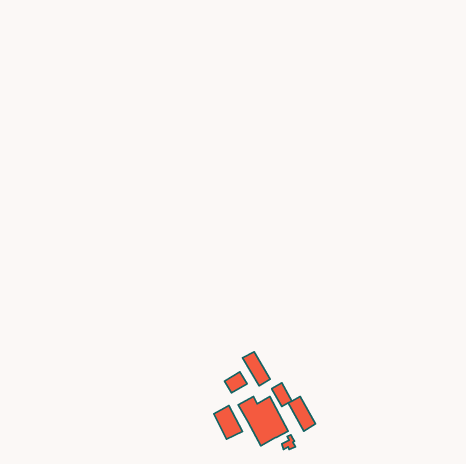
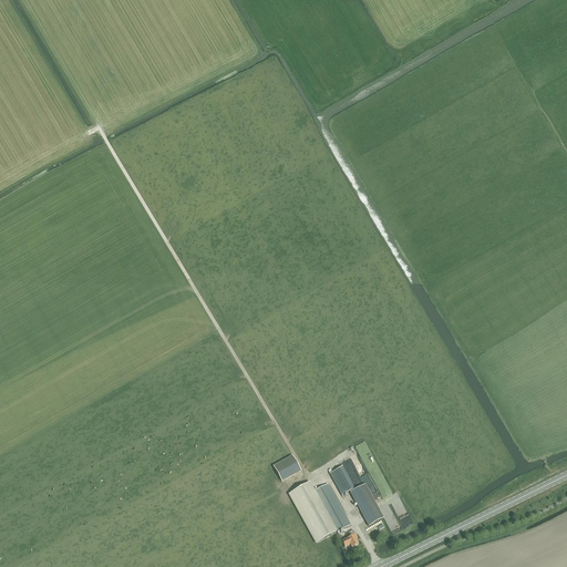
building: [243,352,270,386] -> none
building: [214,406,242,439] -> none

